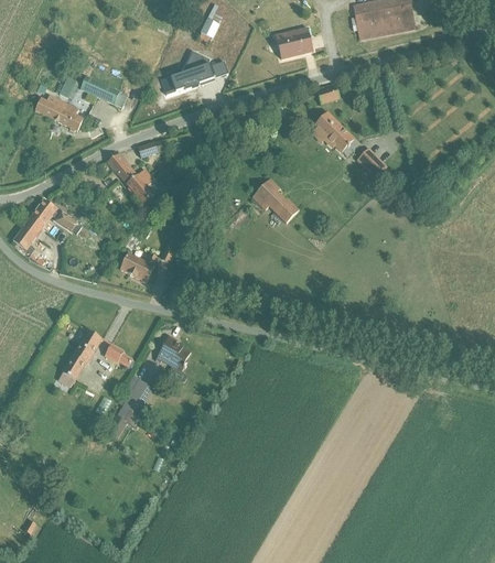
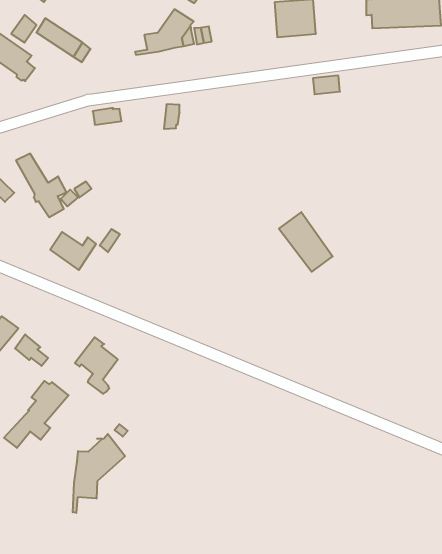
building: [313,113,356,154] -> none
building: [356,149,387,180] -> none
building: [108,152,154,203] -> [16,154,66,217]
building: [252,180,301,228] -> [279,212,333,272]
building: none -> [73,434,125,513]

